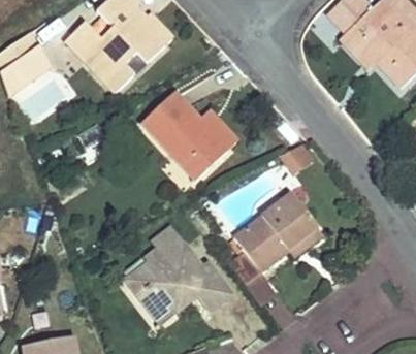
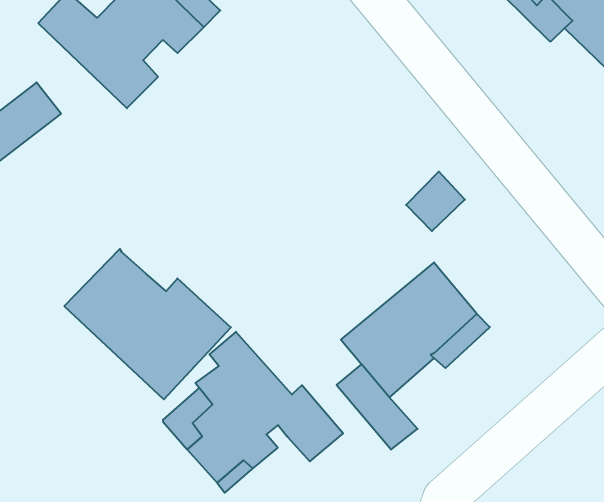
building: [140,90,238,181] -> [64,249,231,399]

